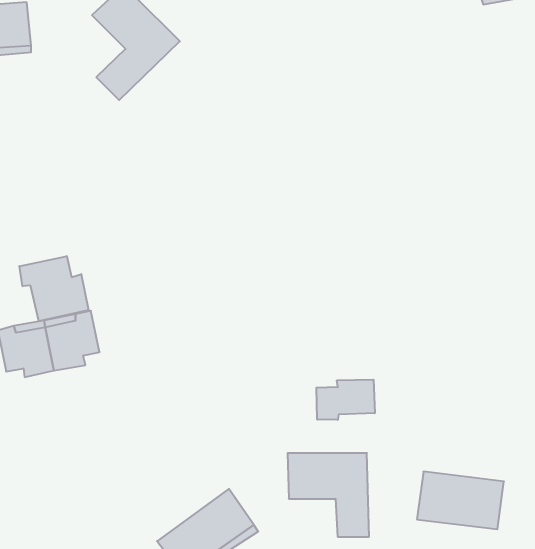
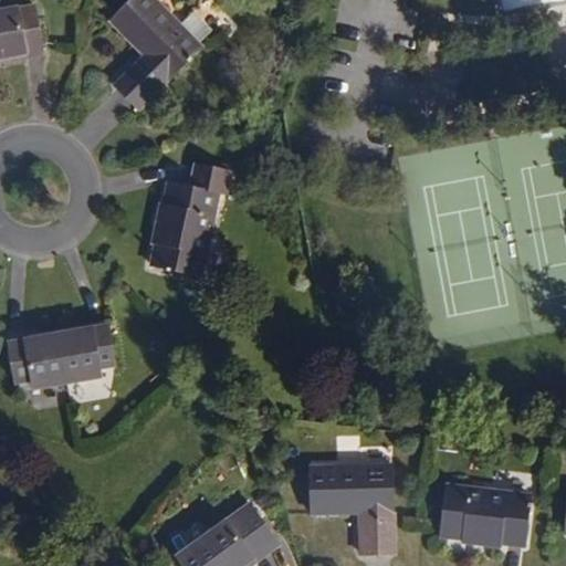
building: none -> [154,153,233,264]
building: [19,256,88,321] -> none
building: [316,380,375,420] -> none

